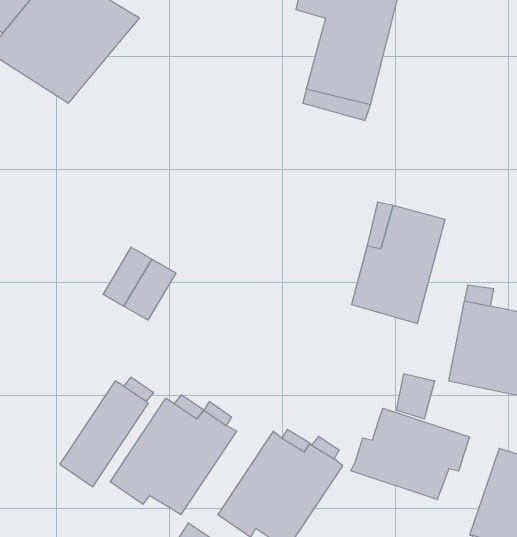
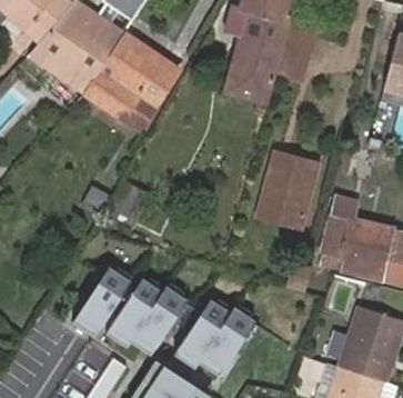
building: none -> [279,30,313,72]
building: none -> [79,36,174,129]
building: [351,408,469,500] -> none

